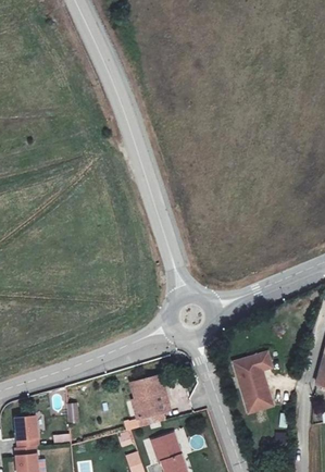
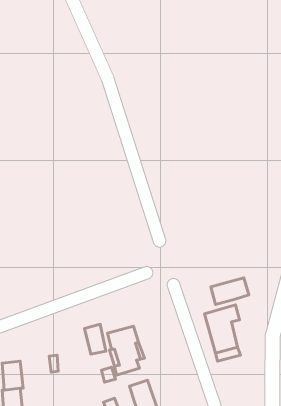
building: none -> [211,278,249,304]
building: none -> [85,324,106,354]

